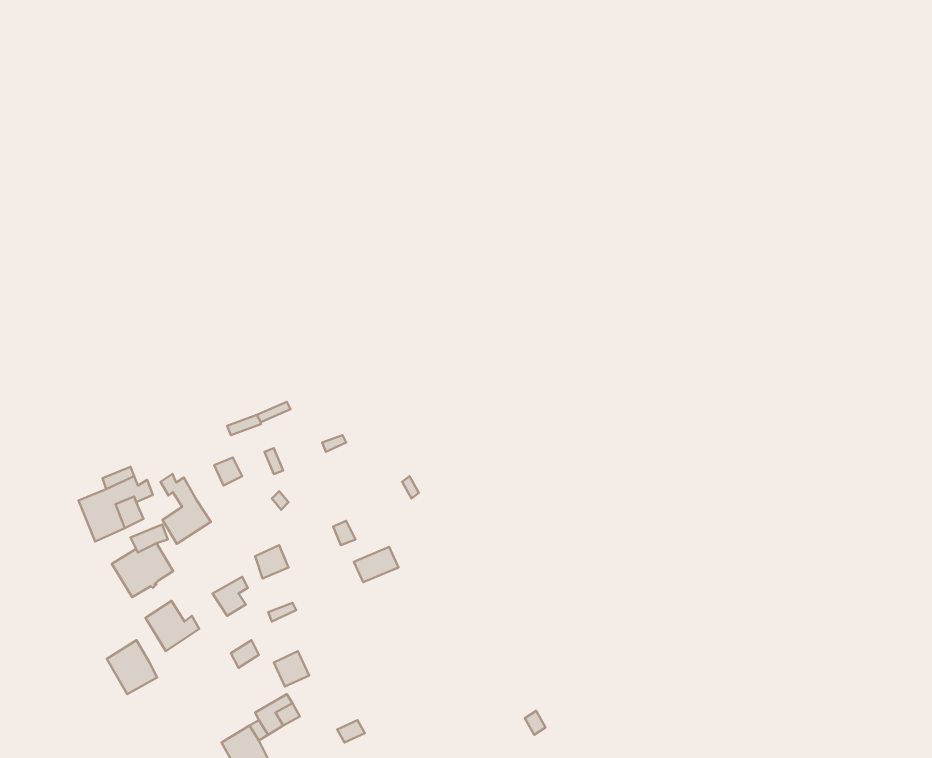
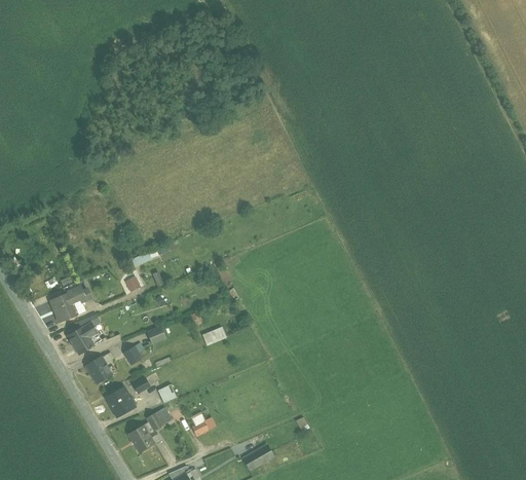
building: [160,474,211,544] -> none
building: [107,640,157,694] -> [107,386,135,416]

